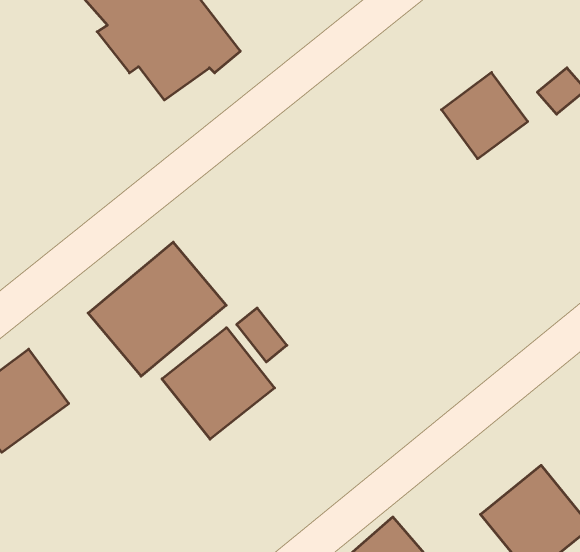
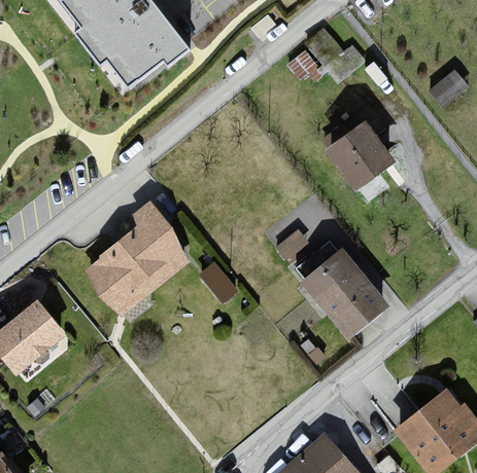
building: [441,72,528,159] -> [318,120,387,189]
building: none -> [300,247,387,337]
building: [162,328,275,439] -> none

